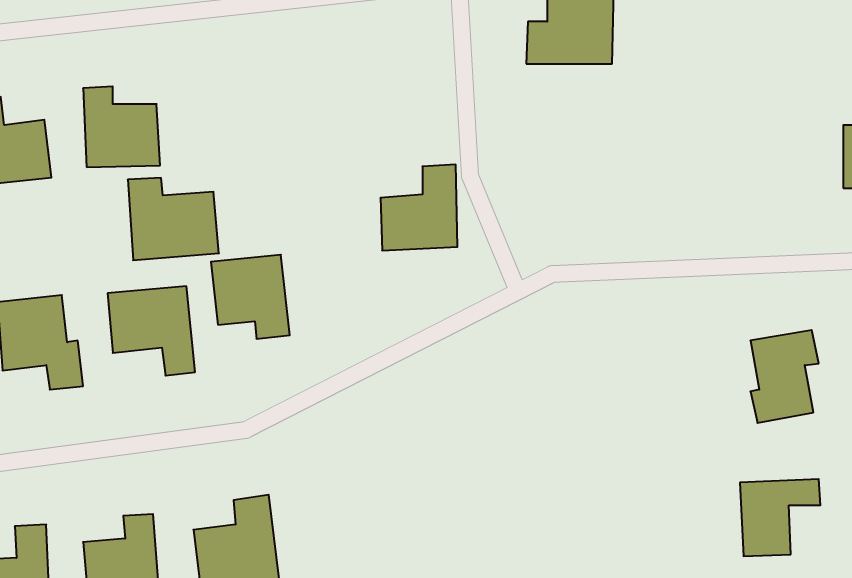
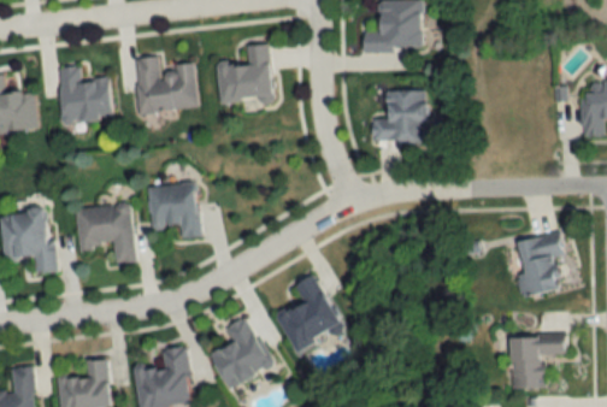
building: none -> [373,90,428,142]
building: [380,165,457,250] -> [218,43,271,102]
building: [128,178,219,260] -> [135,57,198,113]
building: none -> [278,275,342,352]
building: none -> [211,318,271,389]

